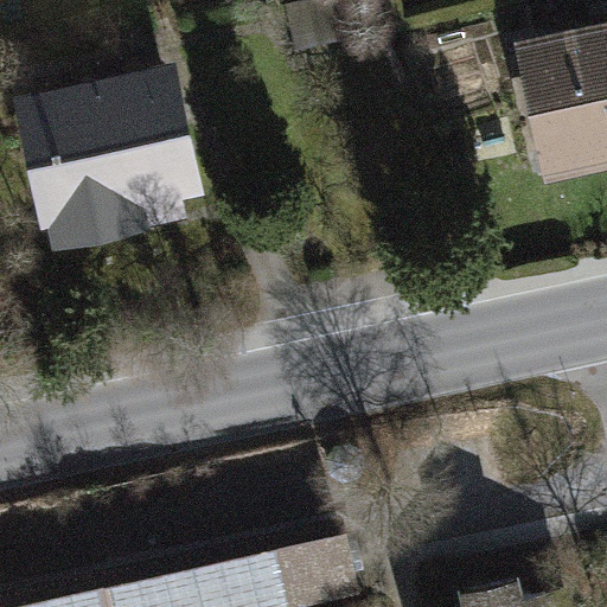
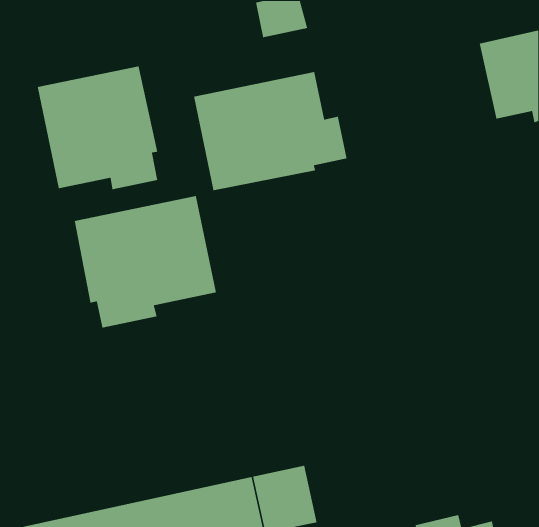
building: none -> [193,71,347,191]
building: none -> [74,195,217,328]

